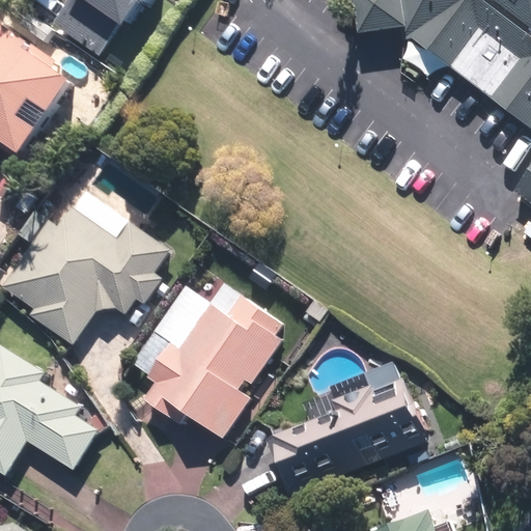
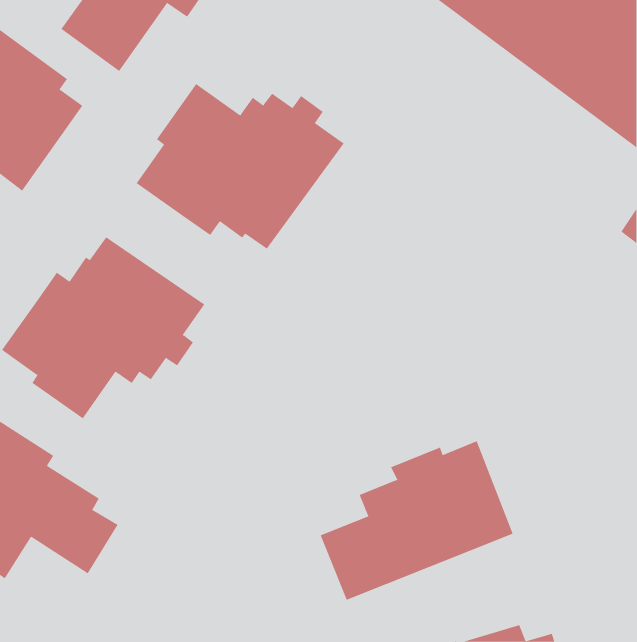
building: none -> [136,83,345,250]
building: [141,268,288,442] -> none

